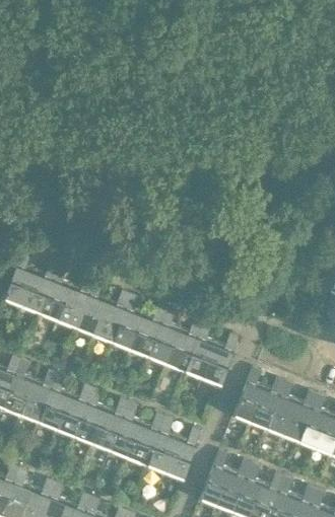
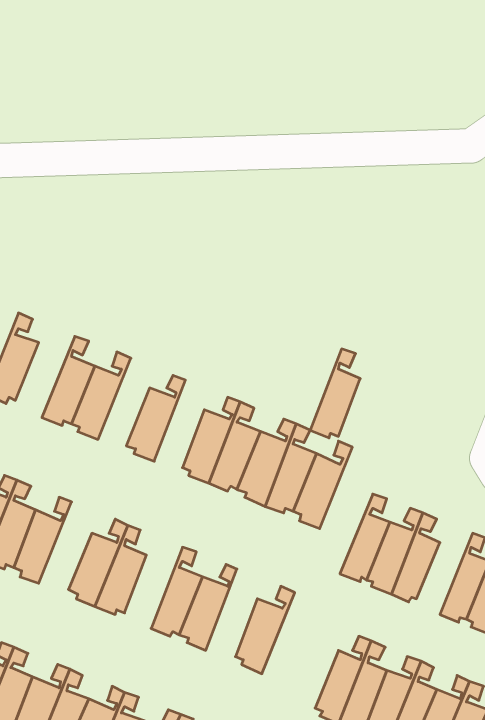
building: [24,262,63,318] -> none
building: [78,280,112,338] -> none
building: [115,294,147,352] -> [310,349,360,438]
building: [40,373,74,432] -> none
building: [285,390,322,446] -> none
building: [95,399,133,455] -> none
building: [148,417,182,474] -> none
building: [202,451,234,509] -> none

